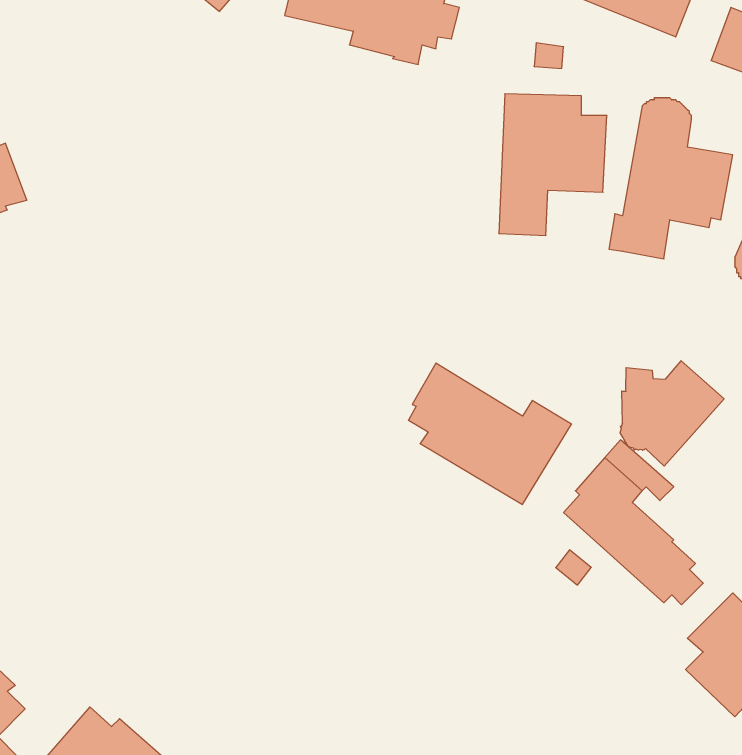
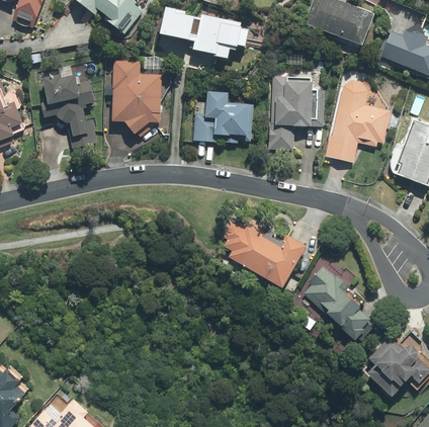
building: none -> [111,56,162,135]
building: none -> [40,64,99,148]
building: none -> [193,88,252,142]
building: [620,361,724,466] -> none

